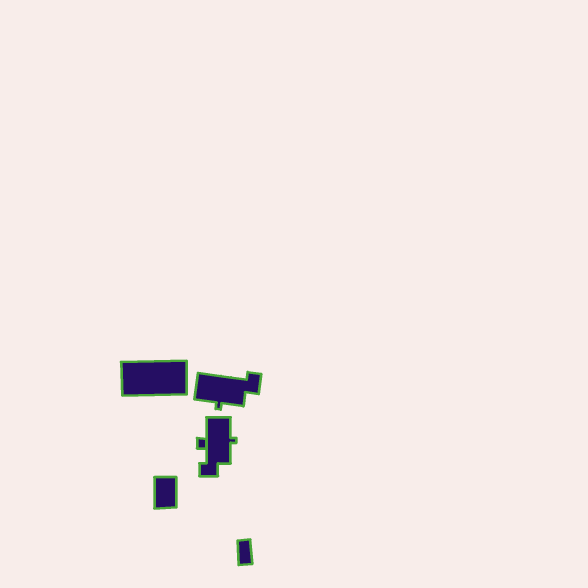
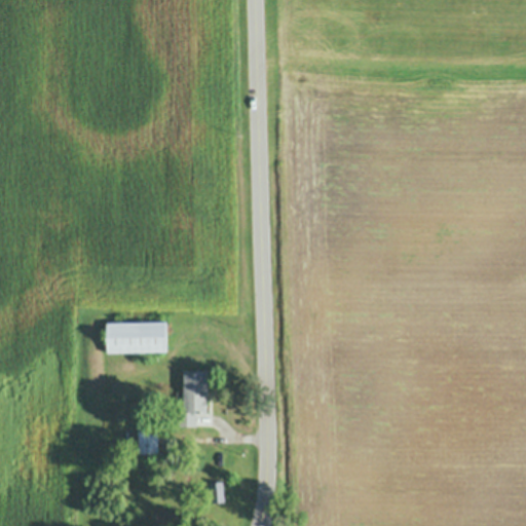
building: [195,372,261,410] -> none

